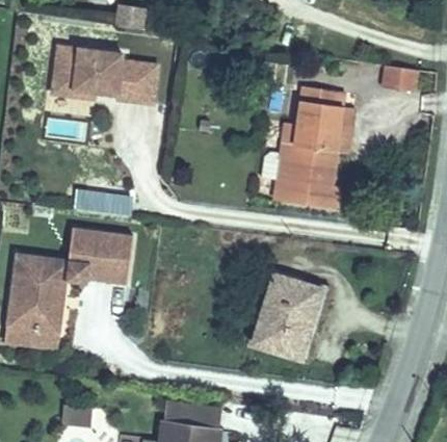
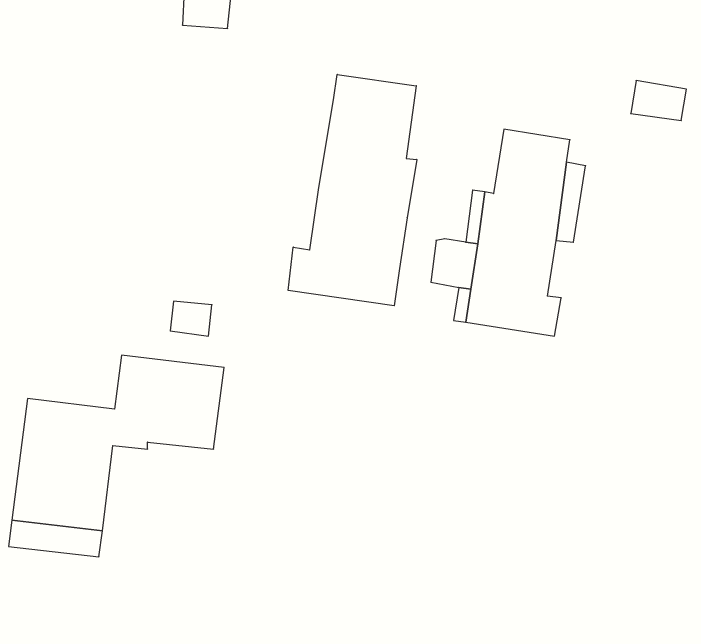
building: [46,50,155,105] -> none
building: none -> [288,74,417,306]
building: [259,271,315,347] -> none

